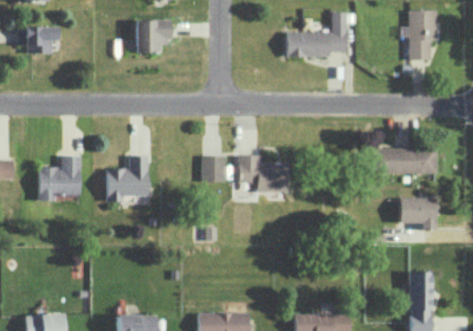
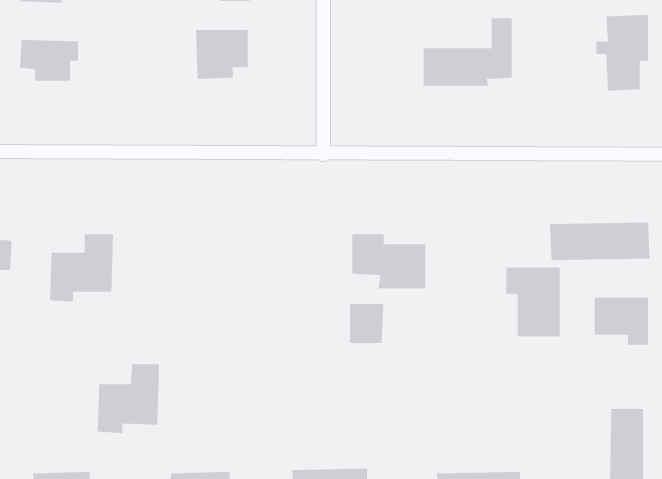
building: [106,156,148,203] -> [97,364,160,434]
building: [202,156,225,183] -> [349,303,384,343]
building: none -> [506,267,560,337]

